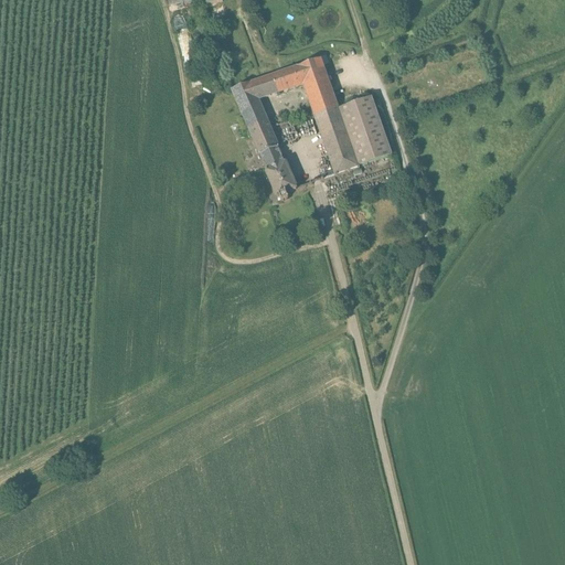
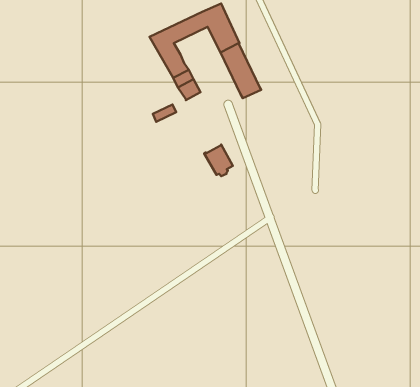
building: [337,94,391,163] -> none
building: [263,159,296,198] -> [204,144,233,176]

